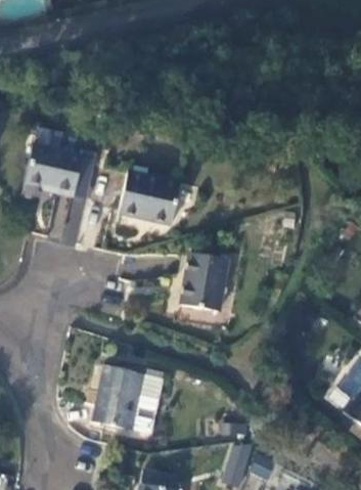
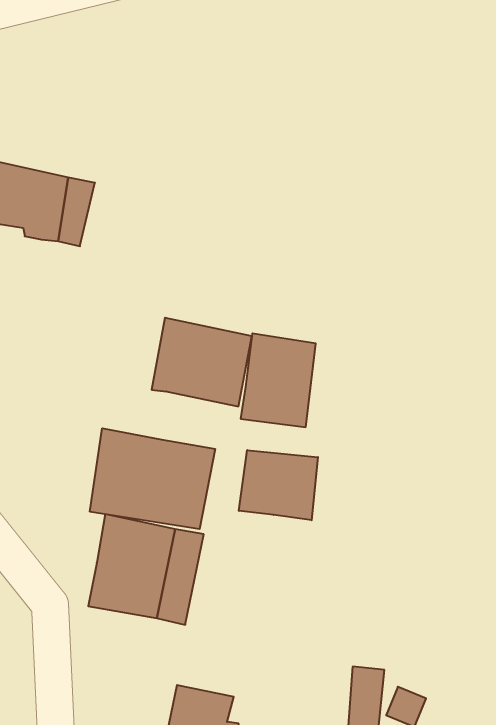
building: [110,168,172,222] -> [152,318,252,406]
building: none -> [90,428,215,529]
building: none -> [239,450,318,520]

